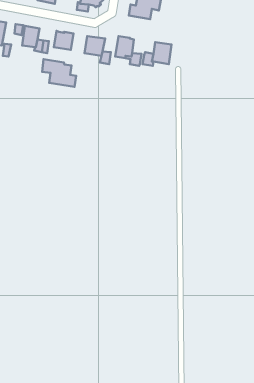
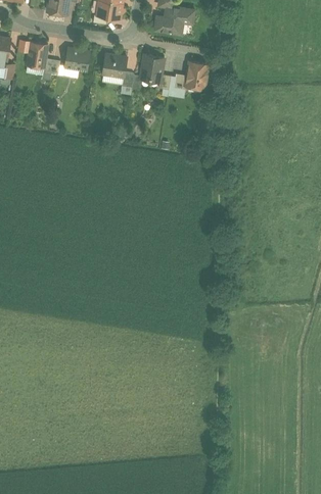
building: [42,59,76,87] -> none

